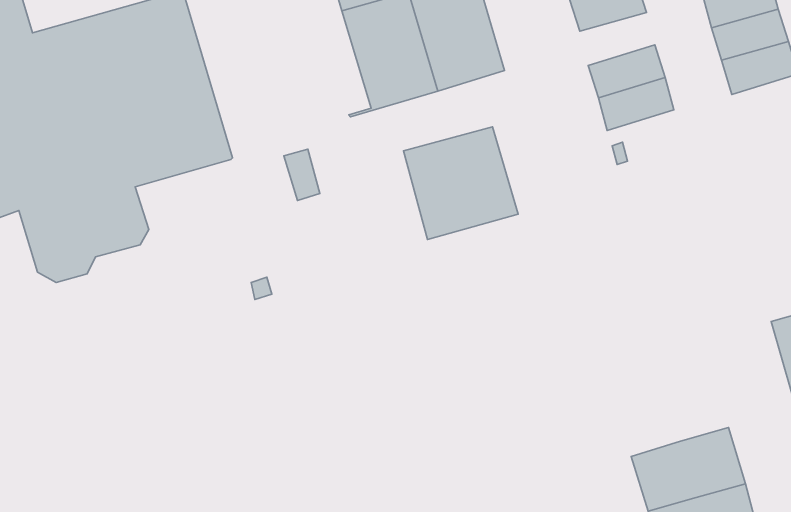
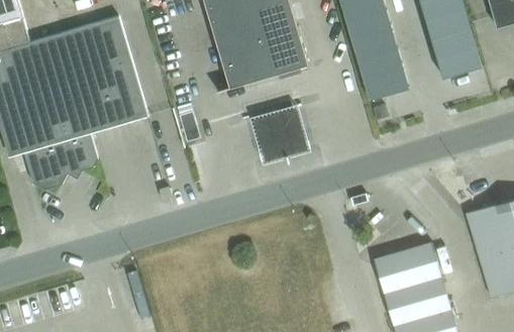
building: none -> [352,30,397,62]
building: none -> [373,242,440,293]

